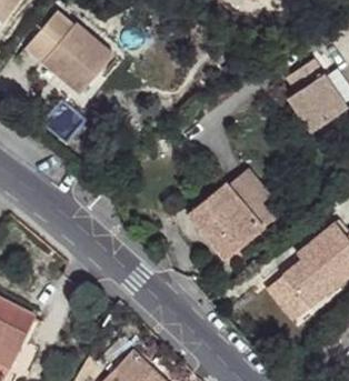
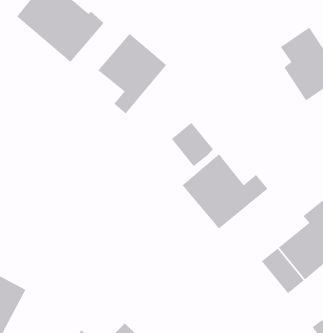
building: none -> [97,33,167,115]
building: [228,169,270,213] -> [171,122,214,167]

